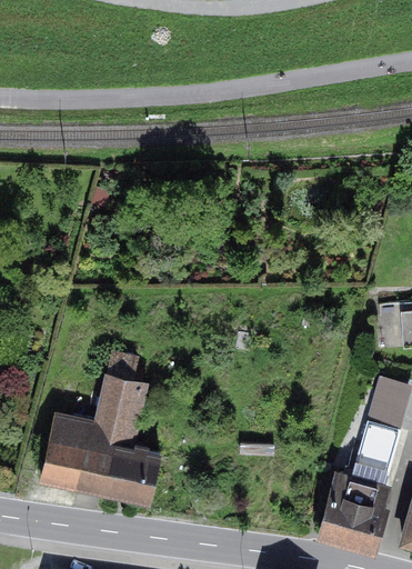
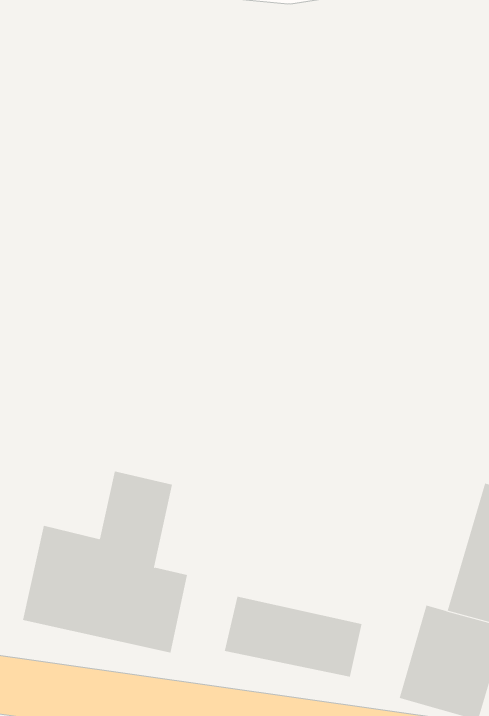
building: none -> [224,596,362,678]

